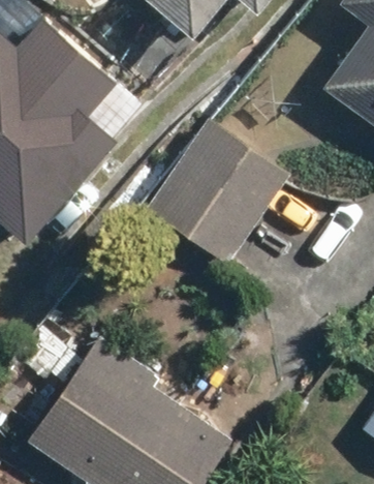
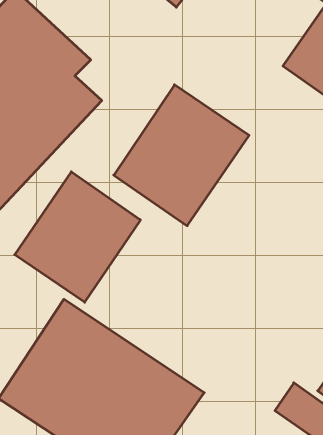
building: none -> [15,172,140,302]

